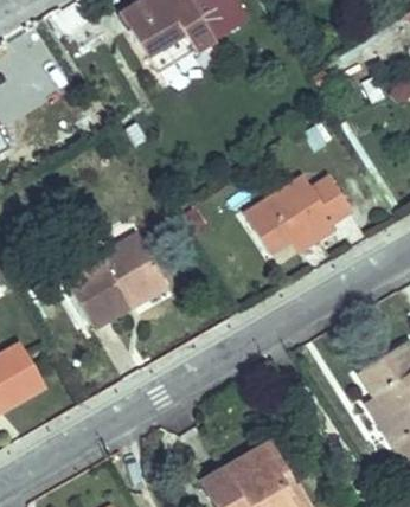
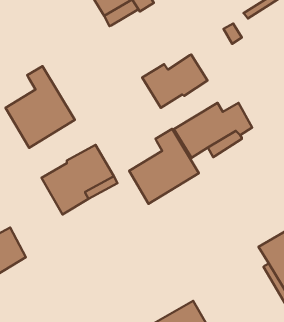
building: none -> [142,54,207,108]
building: none -> [6,66,75,148]
building: none -> [129,129,199,204]

